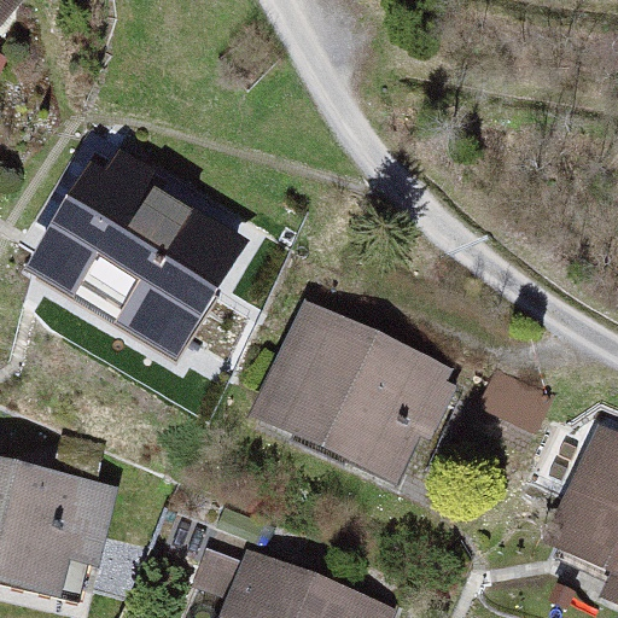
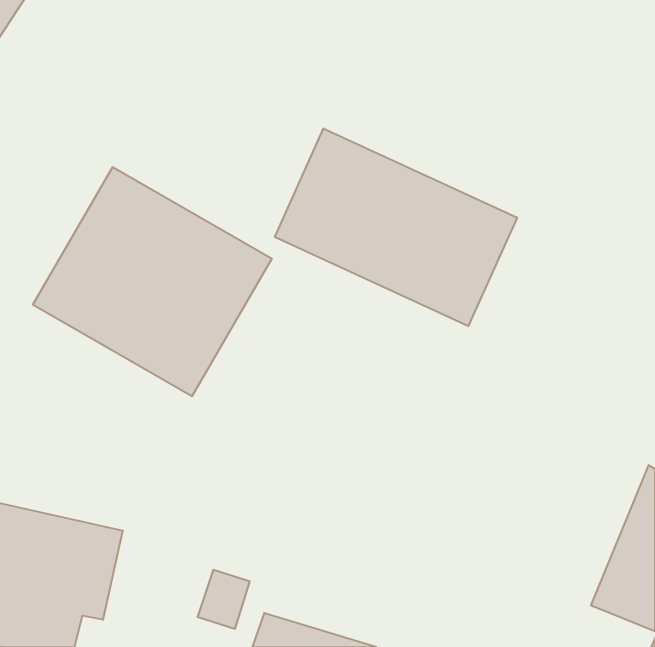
building: none -> [275,128,517,326]
building: [250,301,456,491] -> none

